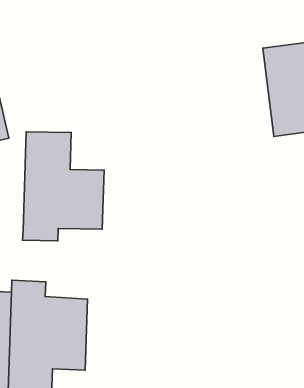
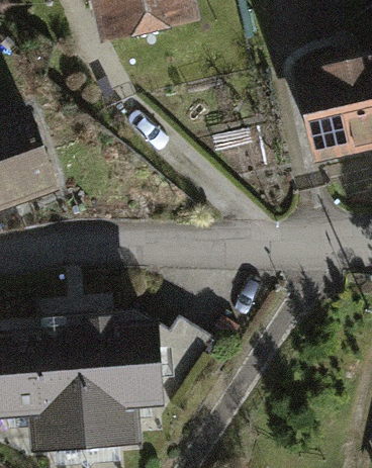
building: [23,132,104,241] -> none

